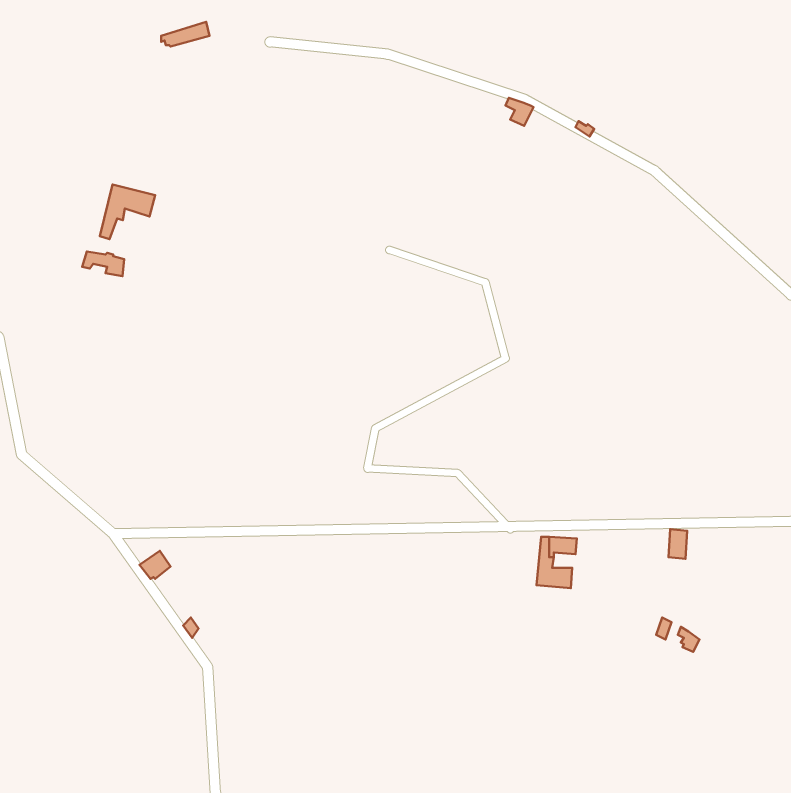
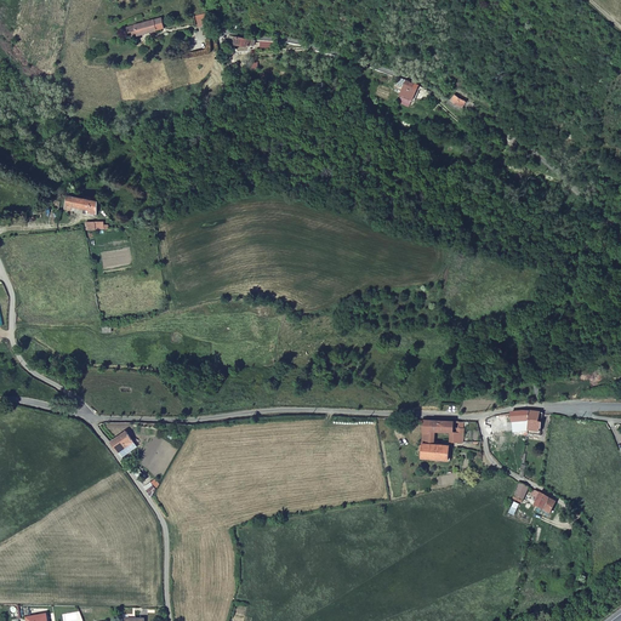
building: [100,184,155,239] -> none

